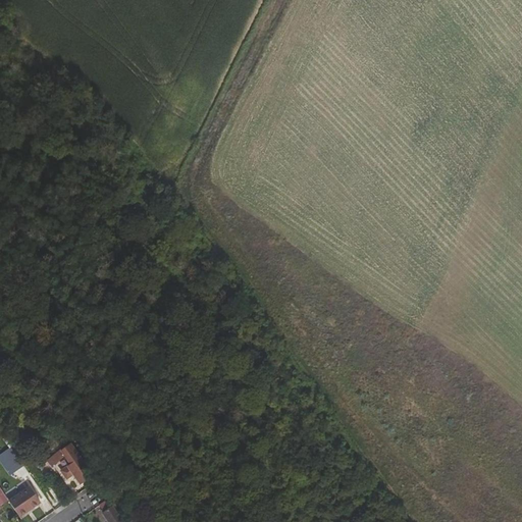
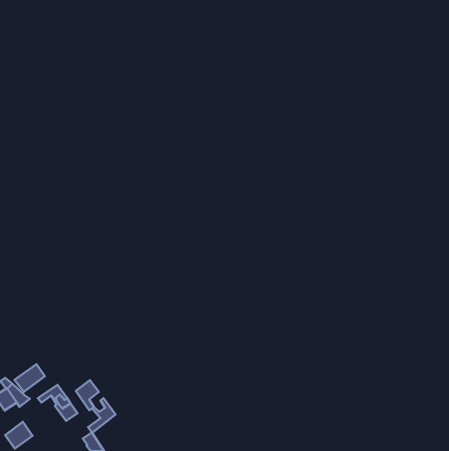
building: none -> [15,364,45,392]
building: none -> [76,380,116,433]

